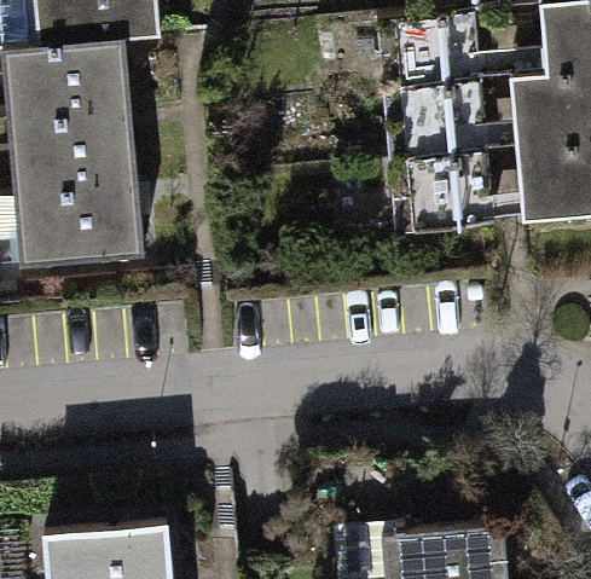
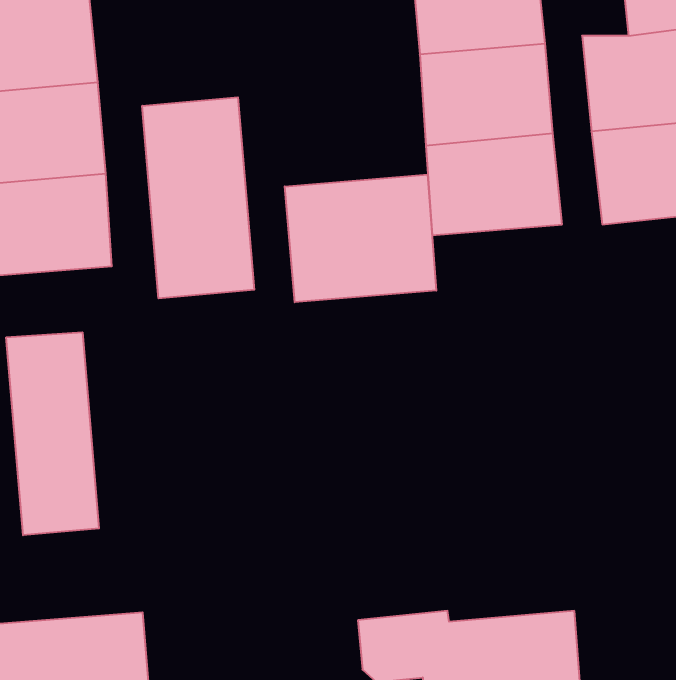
building: none -> [142,97,254,298]
building: none -> [285,174,436,302]
building: none -> [6,332,99,535]

